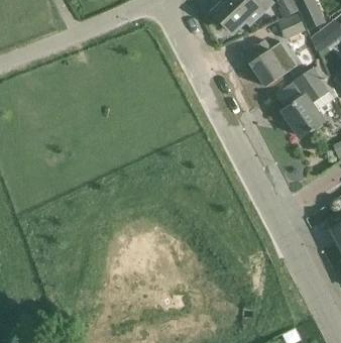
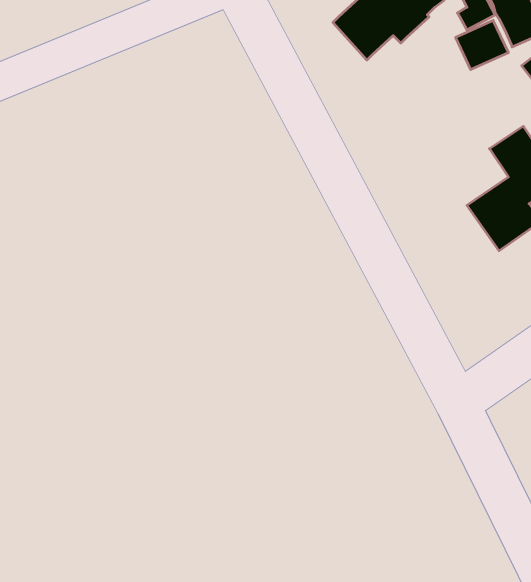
building: [250,39,298,87] -> none

